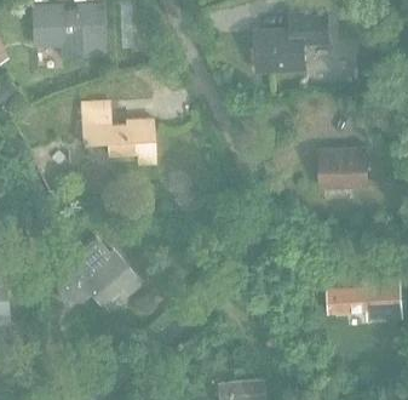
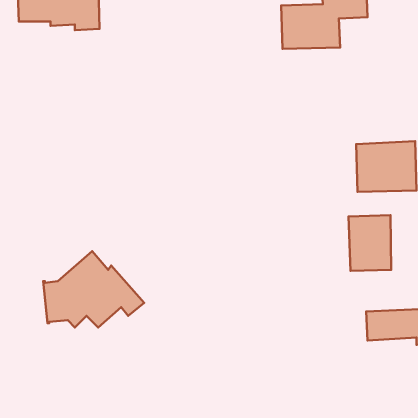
building: [81,102,155,164] -> none
building: none -> [349,215,391,271]

